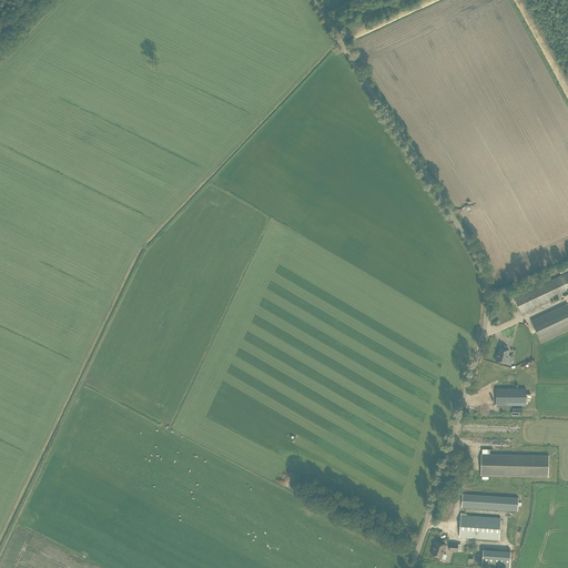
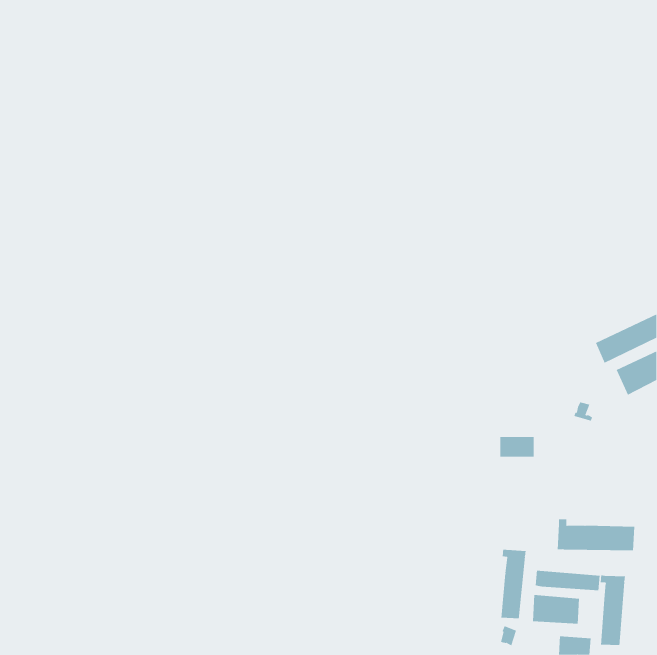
building: [496,387,526,405] -> [500,436,534,457]
building: none -> [501,549,526,619]
building: none -> [600,575,625,646]

